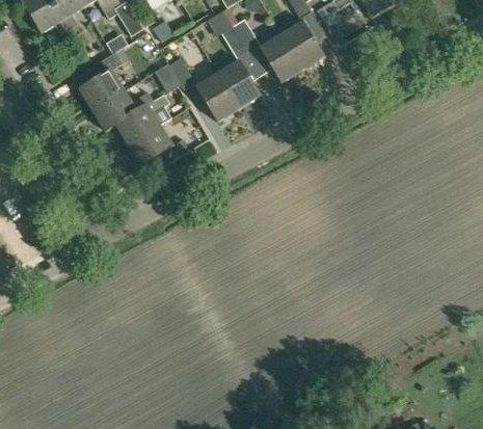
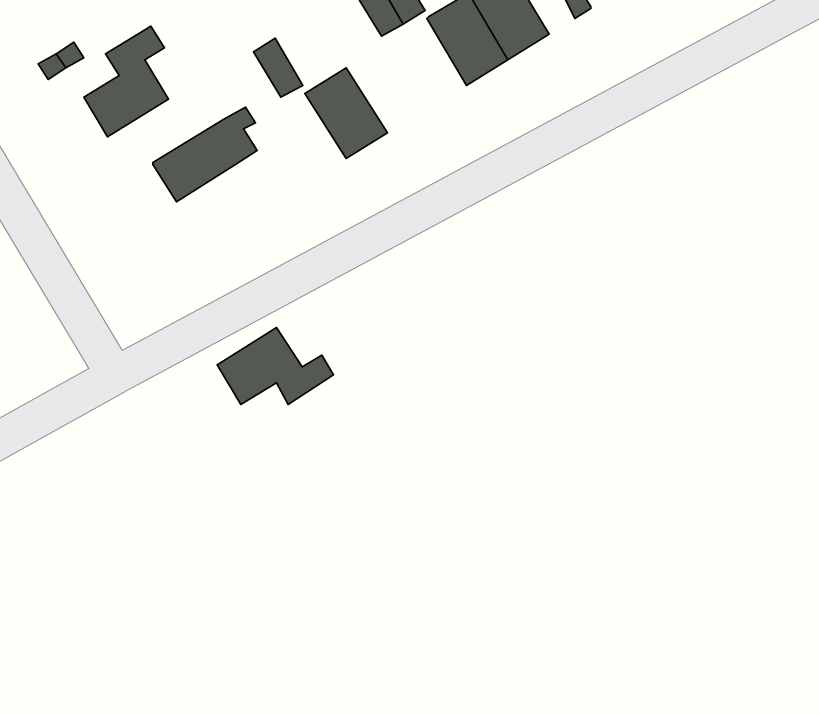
building: [217,59,261,107] -> none
building: [91,89,153,130] -> none
building: [128,124,189,164] -> [217,327,334,404]

